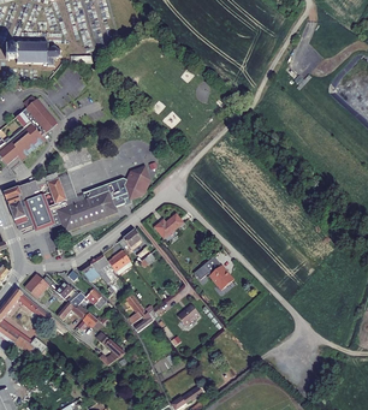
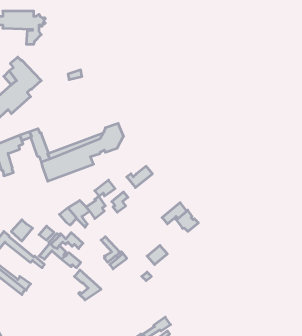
building: [19,194,59,230] -> none

